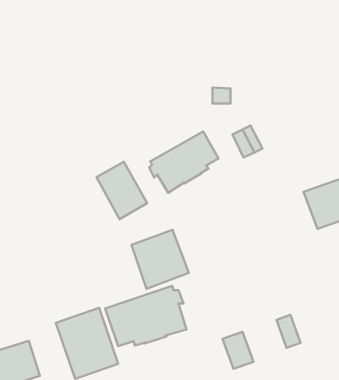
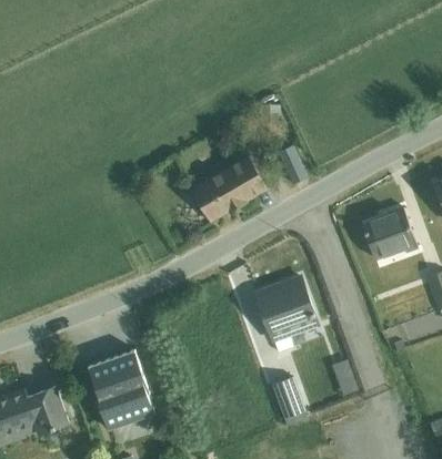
building: [97,162,147,219] -> none
building: [132,230,189,289] -> [254,276,318,341]
building: [105,286,187,346] -> none

